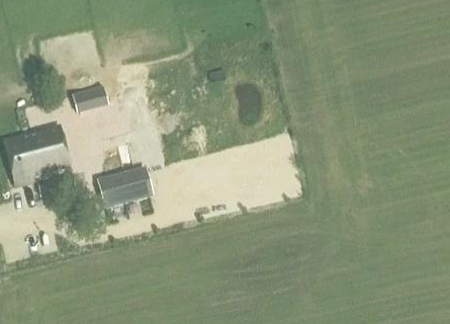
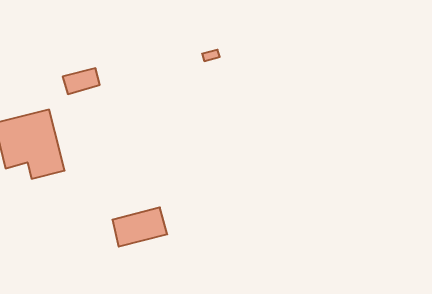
building: [97,167,151,206] -> [112,207,167,247]

